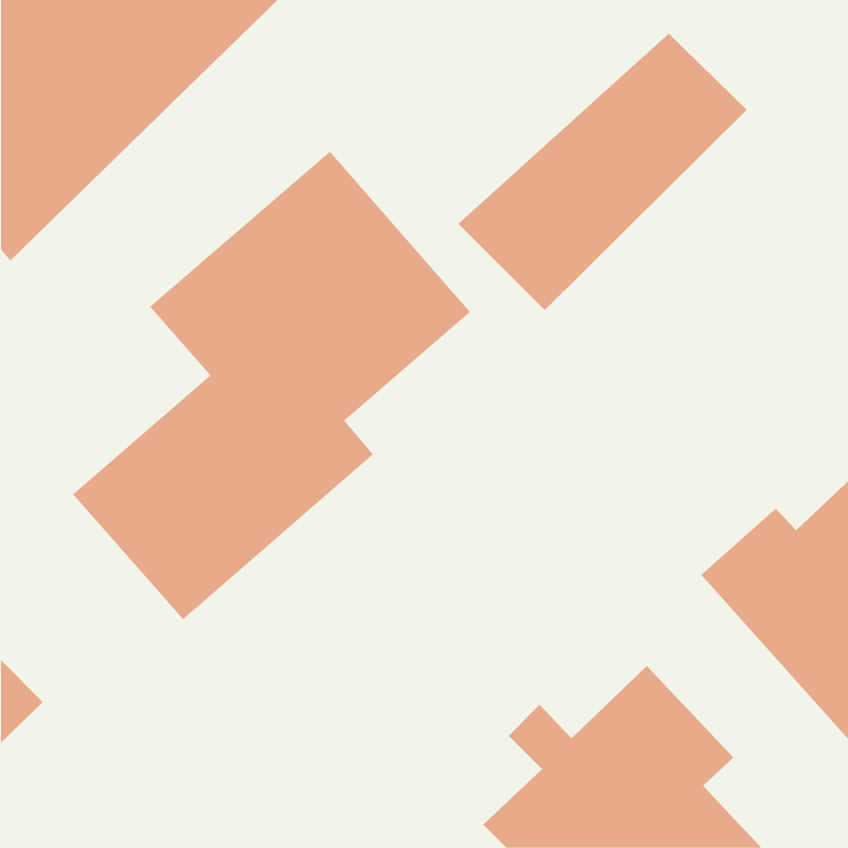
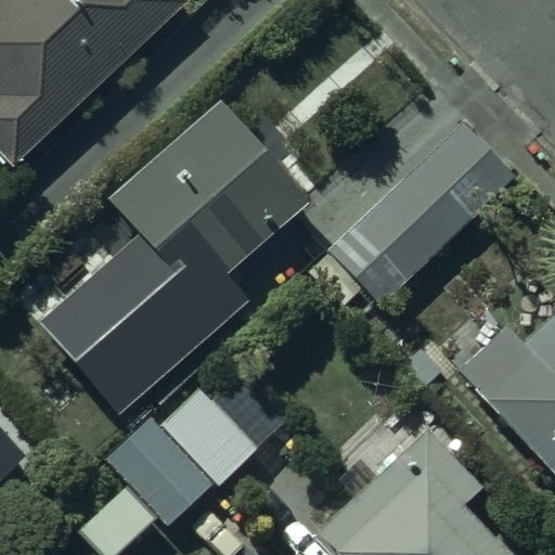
building: [458,33,748,311] -> [324,127,512,307]
building: none -> [104,371,289,527]

